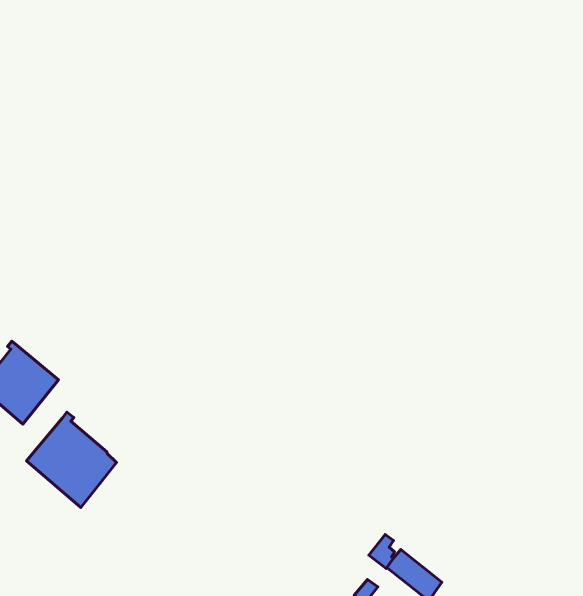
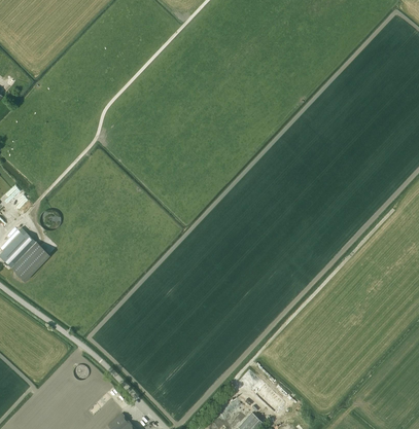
building: [27,412,116,508] -> none

